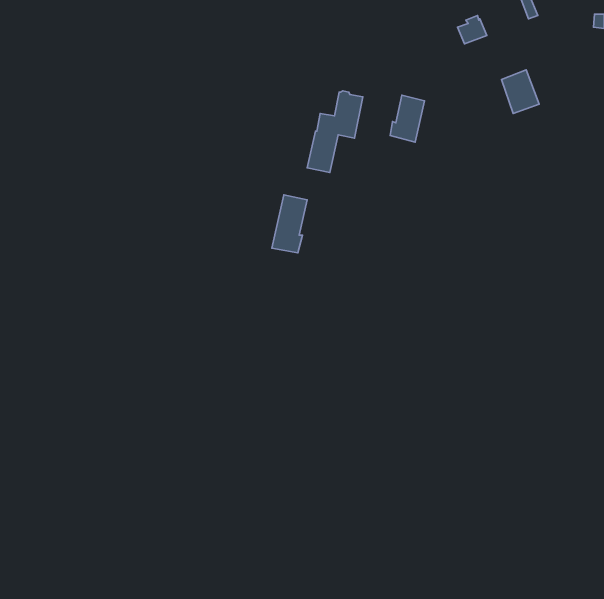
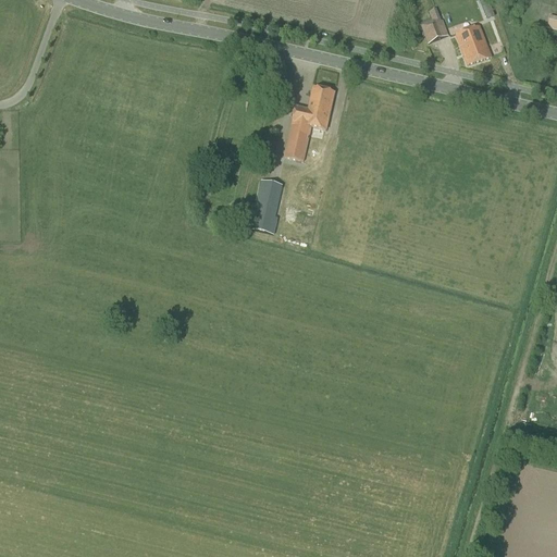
building: [501,70,539,114] -> [456,23,491,63]
building: [390,95,425,142] -> none

